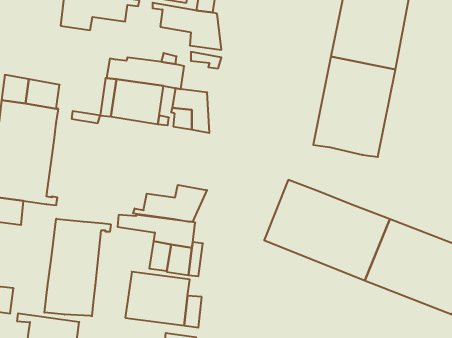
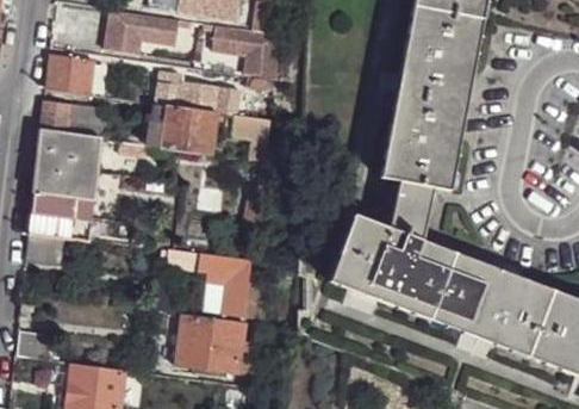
building: none -> [45,52,93,93]
building: none -> [387,179,434,241]
building: [133,185,207,222] -> none
building: [44,219,111,316] -> none

